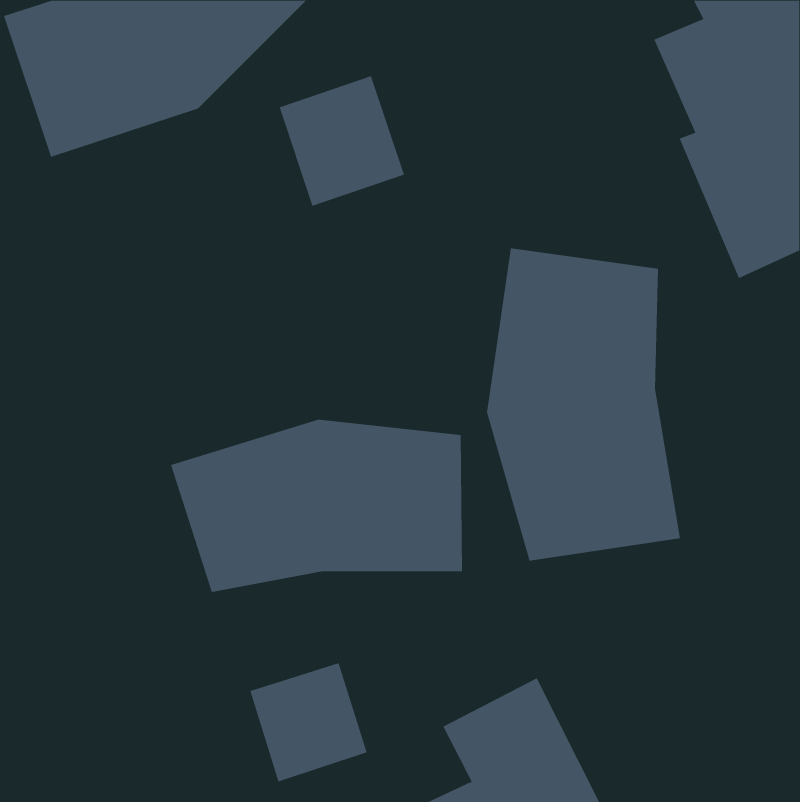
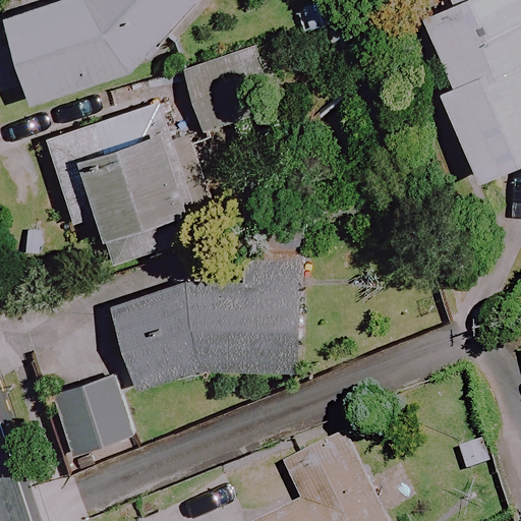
building: none -> [46,103,207,237]
building: [486,247,680,561] -> none
building: [249,663,367,782] -> [53,379,129,456]

